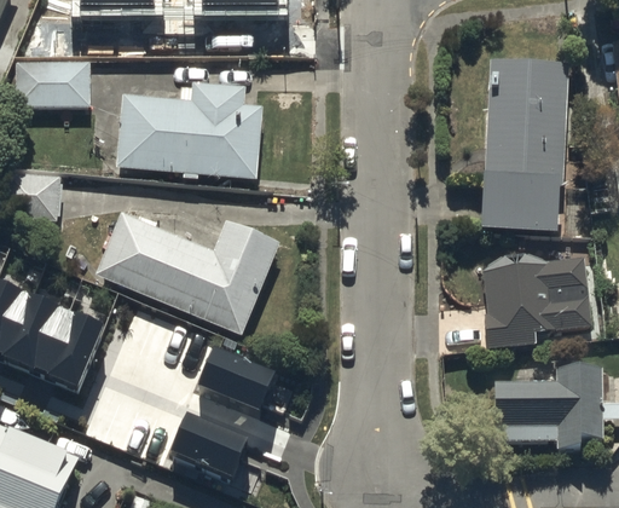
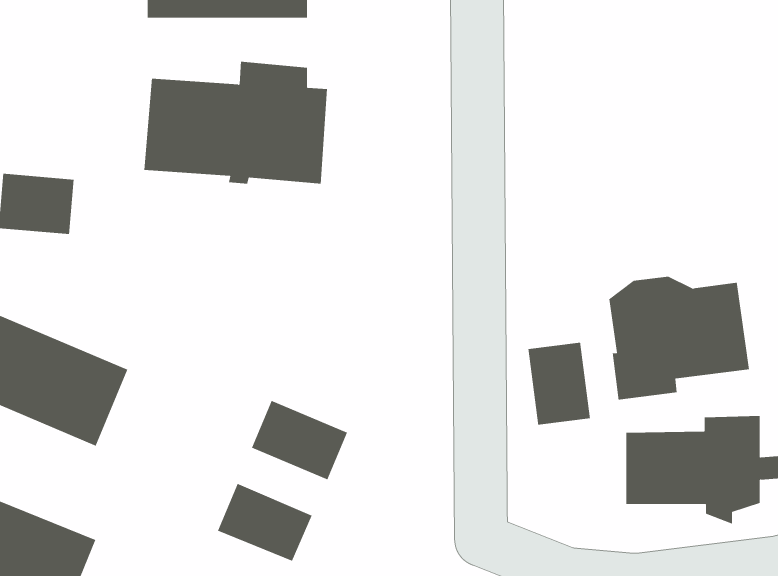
building: [16,60,89,104] -> none
building: [480,63,568,236] -> none
building: [92,210,278,336] -> none
building: none -> [528,342,590,426]

